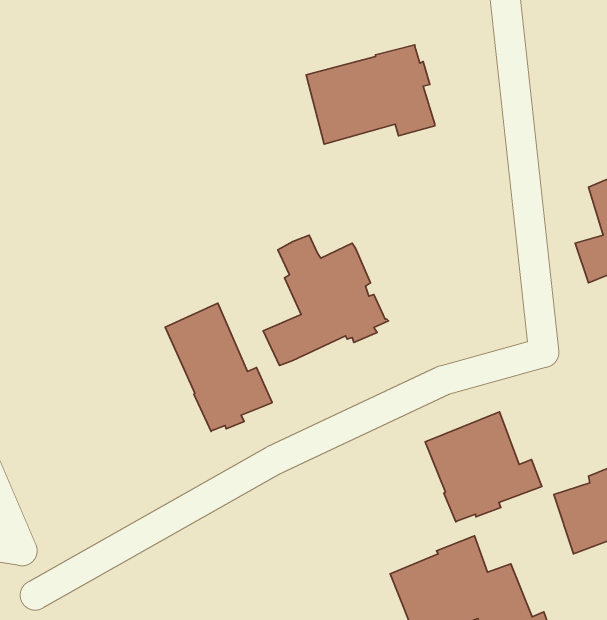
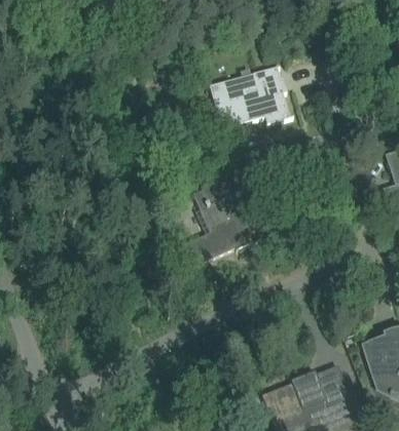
building: [165,303,272,431] -> none
building: [425,412,542,522] -> none

